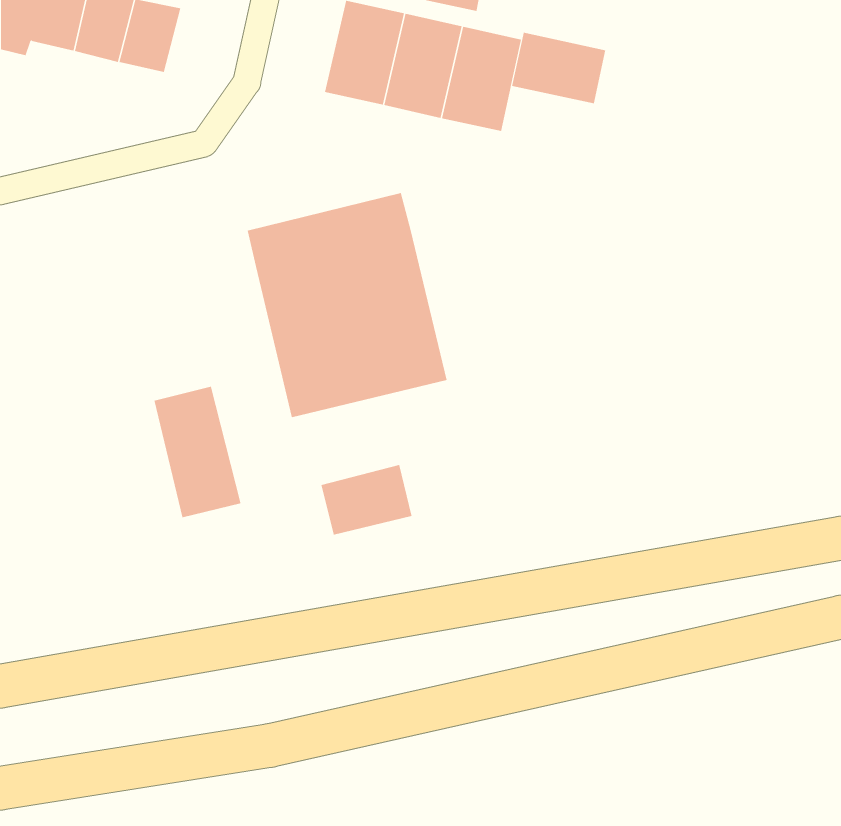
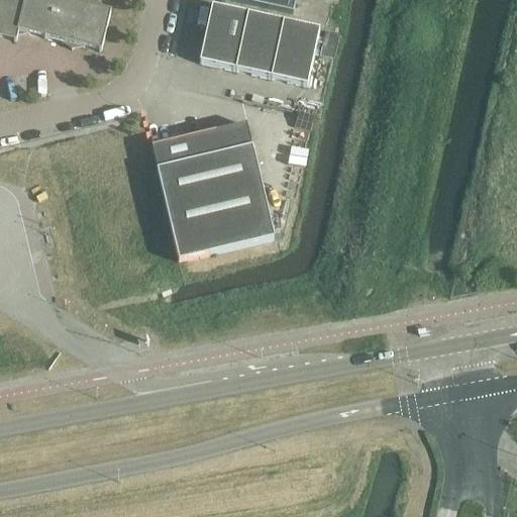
building: [512,32,606,104] -> none
building: [154,386,241,518] -> none
building: [321,464,412,535] -> none

